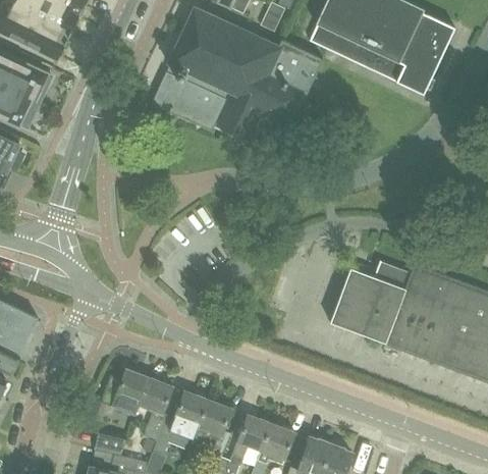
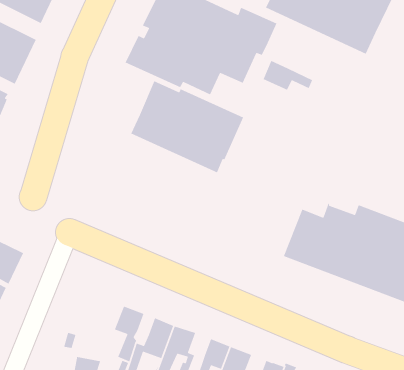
building: none -> [262,60,313,91]
building: none -> [130,80,244,173]
building: [101,367,150,414] -> none

